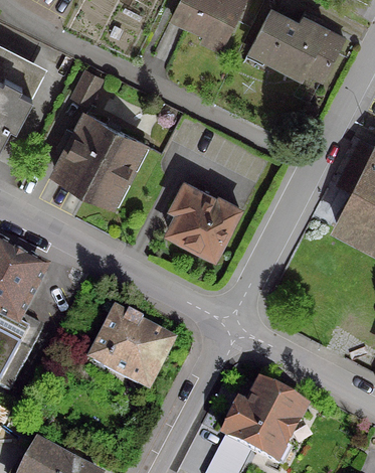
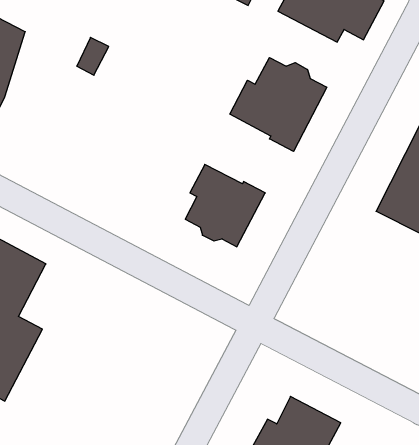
building: none -> [230,58,327,151]
building: [54,113,140,200] -> none
building: [91,314,170,388] -> none

